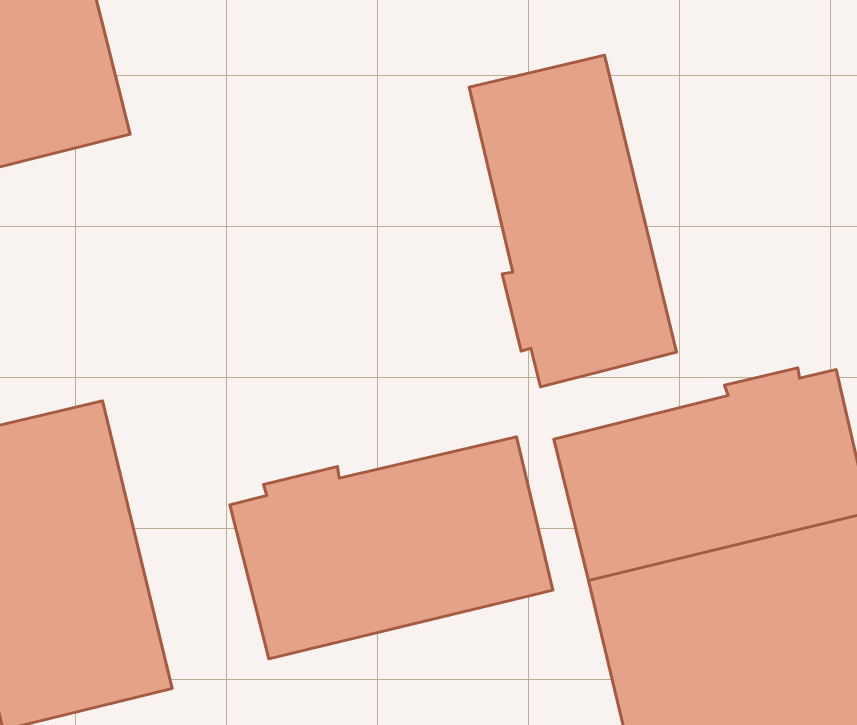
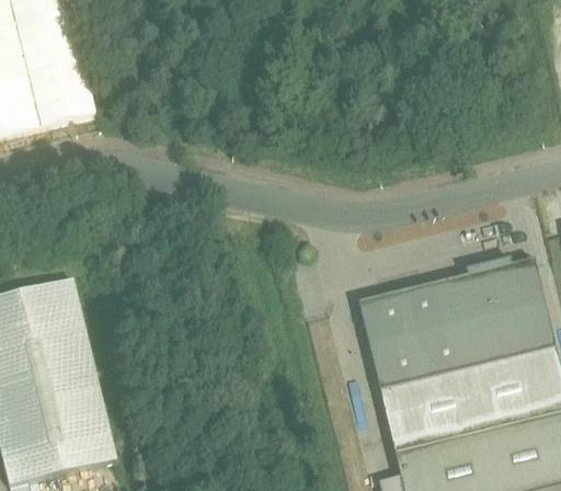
building: [469,55,676,387] -> none
building: [230,437,553,659] -> none

